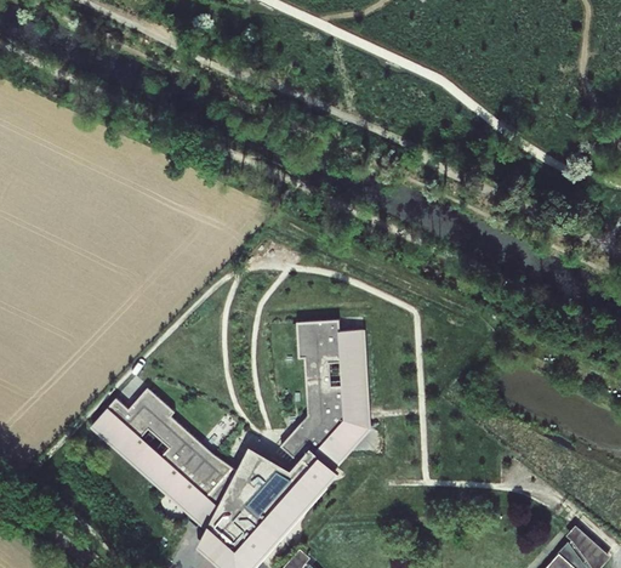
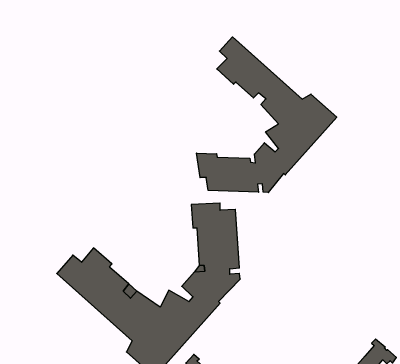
building: none -> [197,37,337,193]

